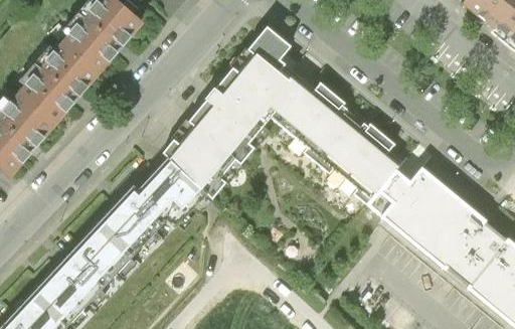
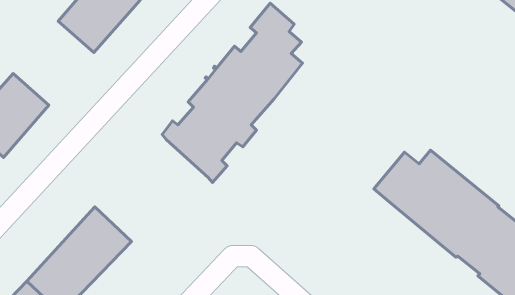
building: [20,43,98,124] -> none
building: [271,83,398,204] -> none
building: [99,157,207,255] -> none

